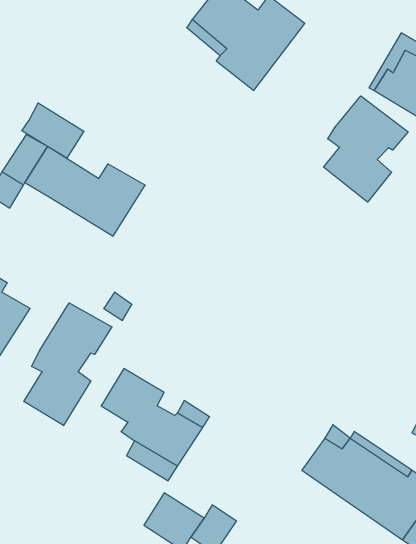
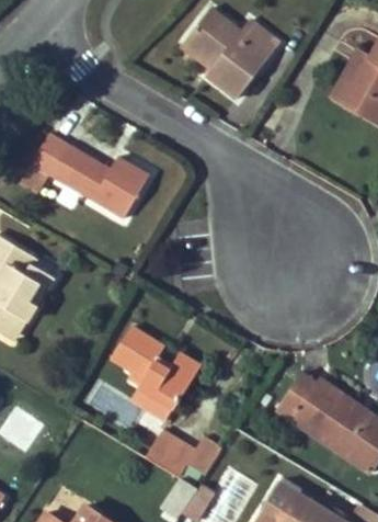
building: [324,96,408,202] -> none
building: [22,103,84,158] -> none
building: [24,303,112,426] -> none

